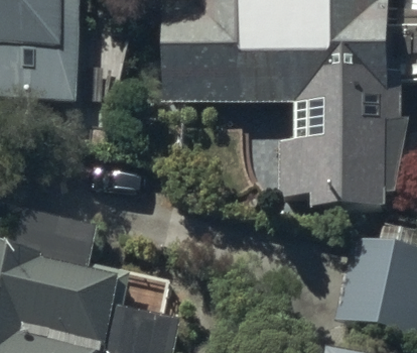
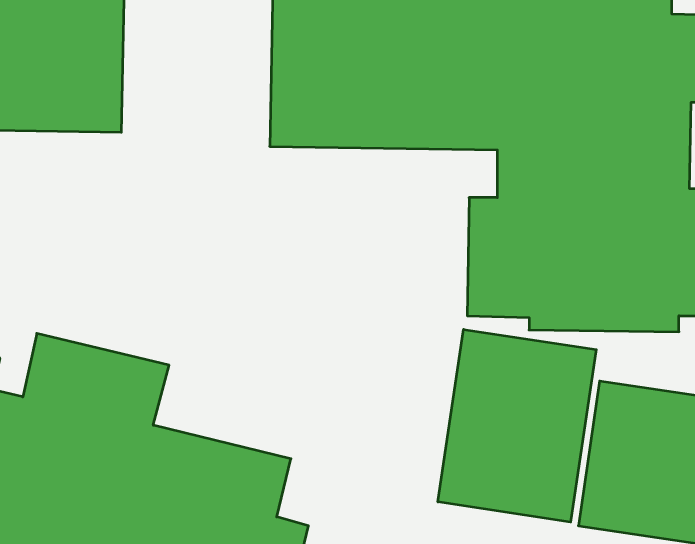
building: none -> [438,329,596,522]

